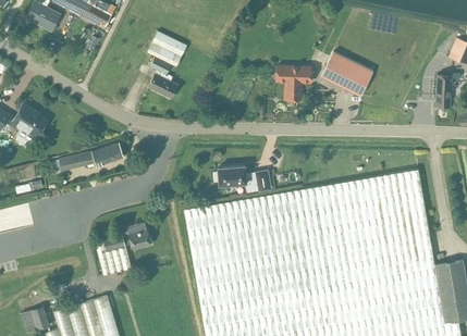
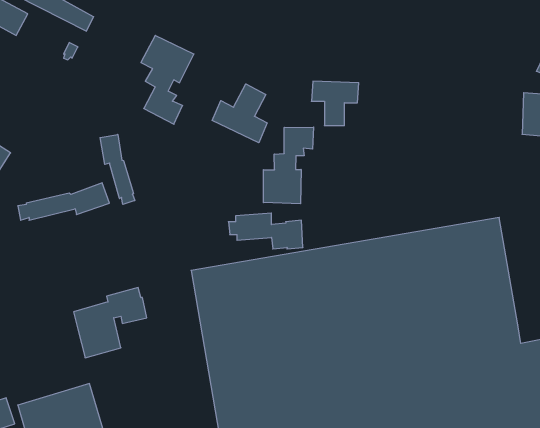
building: [321,52,372,97] -> none
building: none -> [212,84,267,143]
building: none -> [263,127,314,204]
building: none -> [100,134,135,204]

